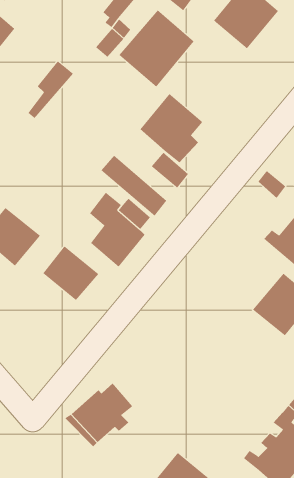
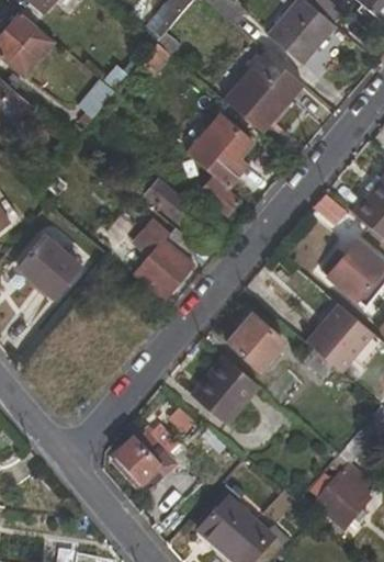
building: [118,10,194,88] -> [223,49,304,133]
building: [42,246,99,301] -> none
building: none -> [225,311,284,370]
building: none -> [190,356,258,424]

